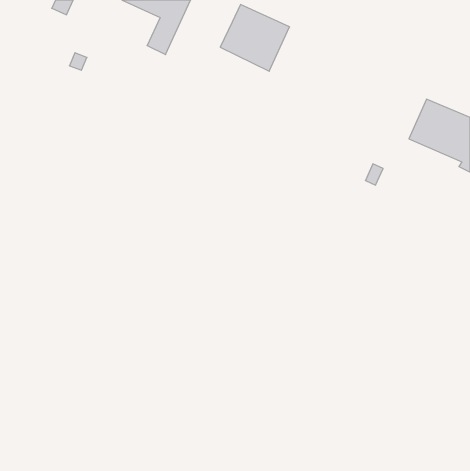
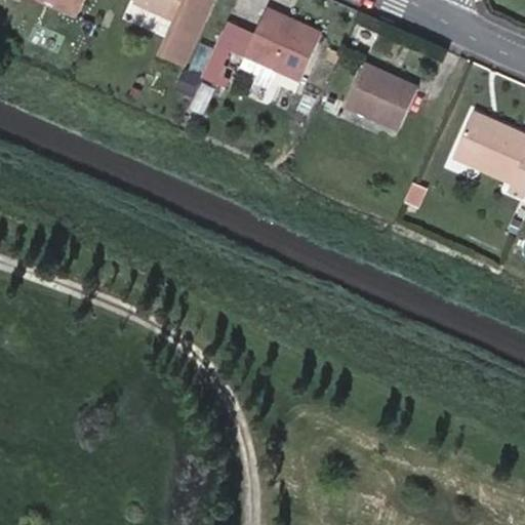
building: none -> [203,14,257,87]
building: none -> [345,63,416,129]

